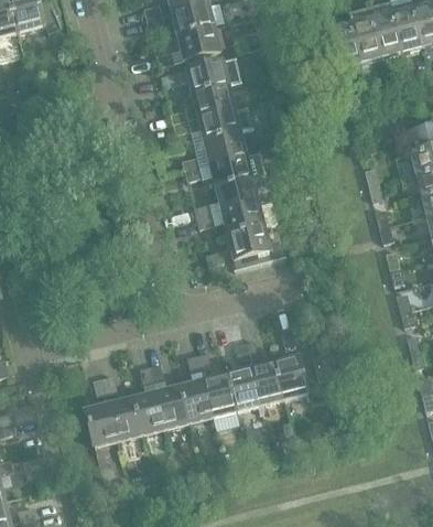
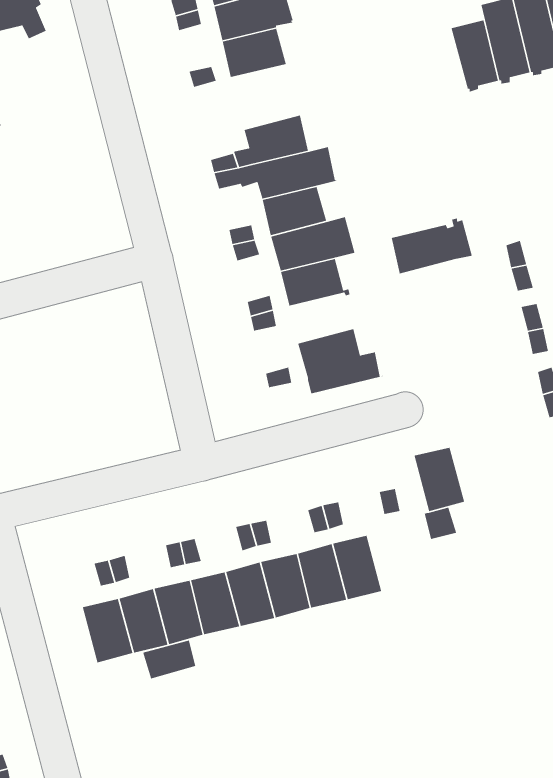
building: [161,56,242,94] -> none
building: [221,197,275,235] -> [391,218,473,274]
building: [273,356,307,399] -> [413,447,465,512]
building: none -> [142,639,196,680]

